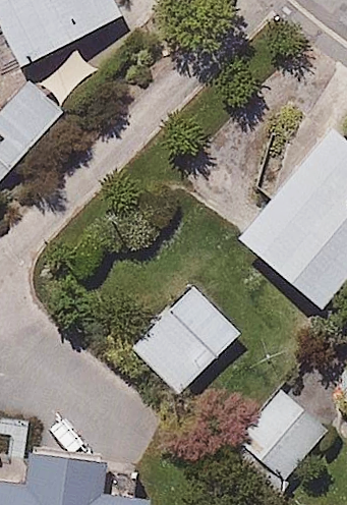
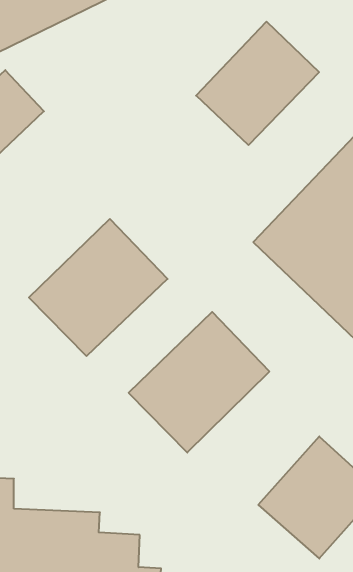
building: none -> [196,22,319,145]
building: none -> [29,219,168,356]

